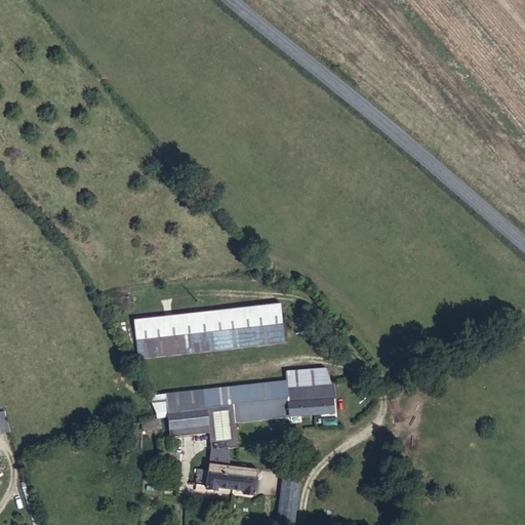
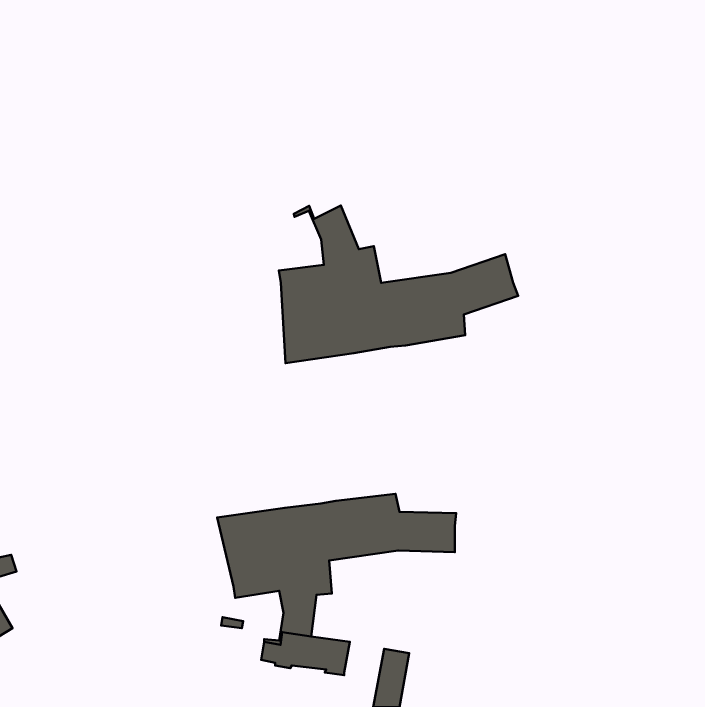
building: none -> [279,206,518,363]
building: [132,304,284,359] -> none

